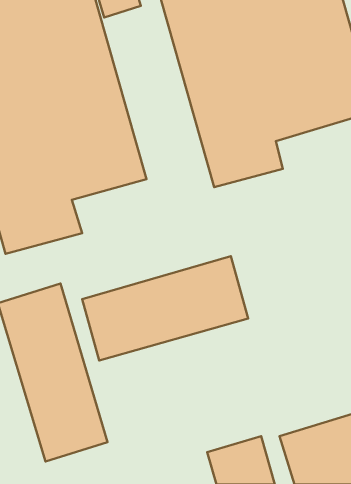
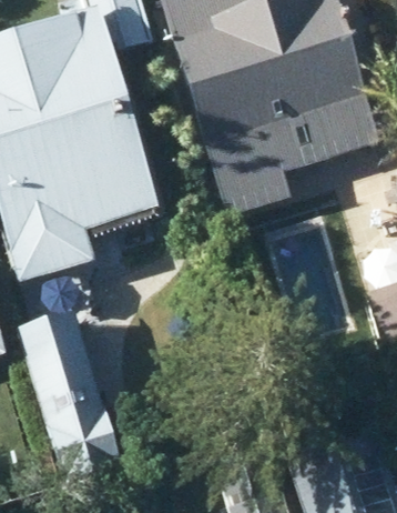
building: [82,256,248,361] -> none

